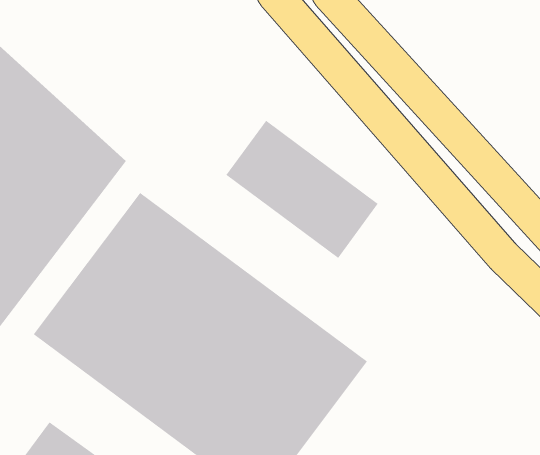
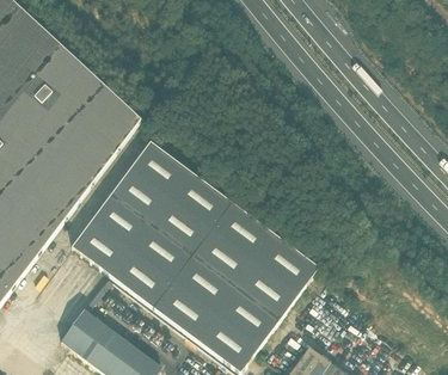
building: [226,120,379,259] -> none

